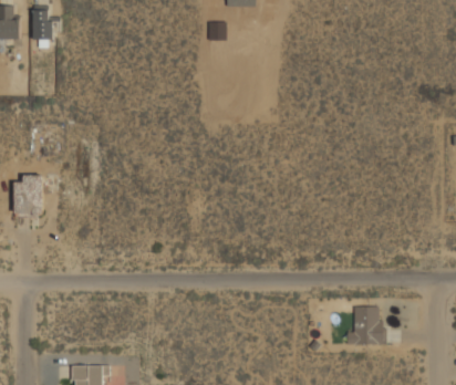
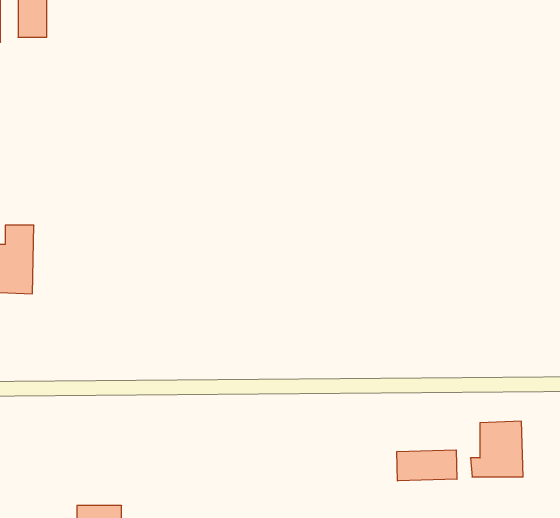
building: none -> [397,450,457,481]

